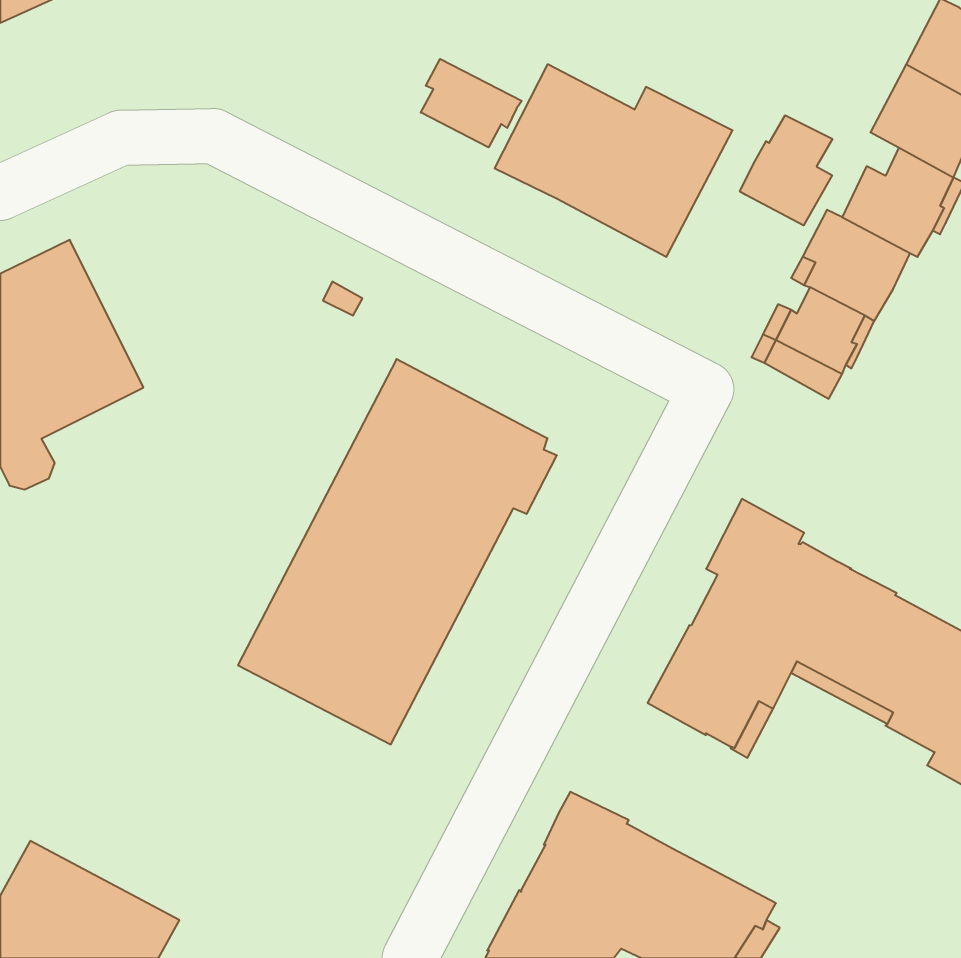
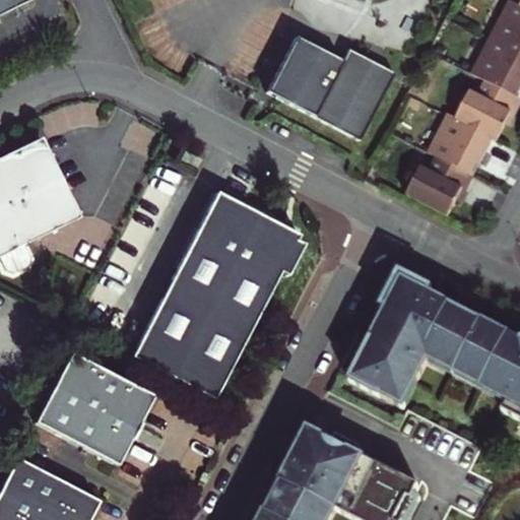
building: [421,59,522,147] -> none
building: [740,115,832,225] -> none
building: none -> [31,356,150,470]

